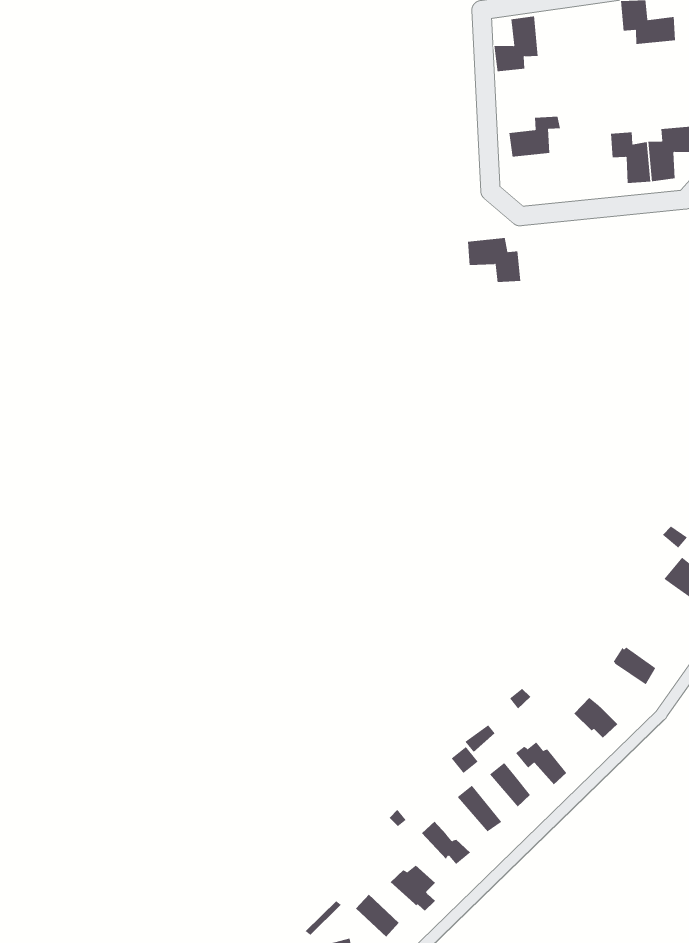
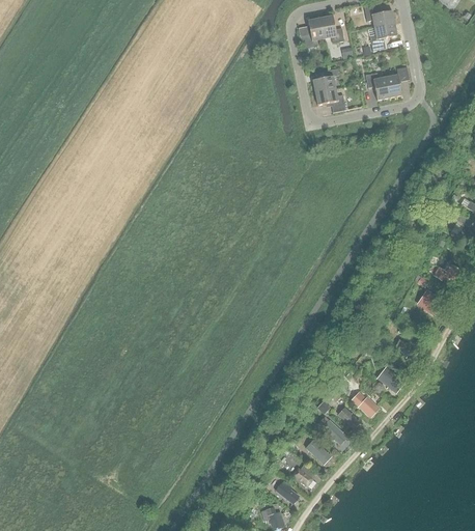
building: none -> [319,15,344,41]
building: none -> [369,22,396,50]
building: [467,238,521,283] -> [315,87,345,111]

